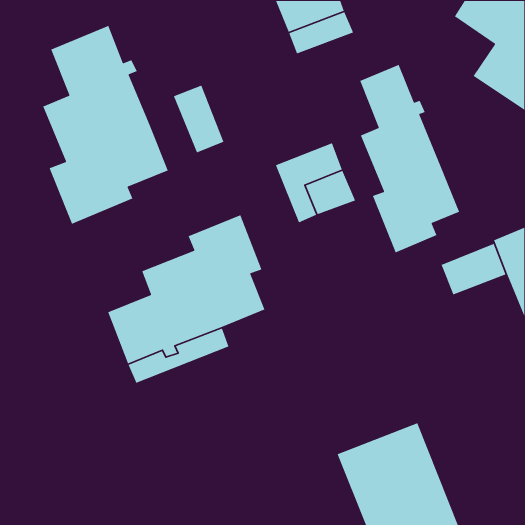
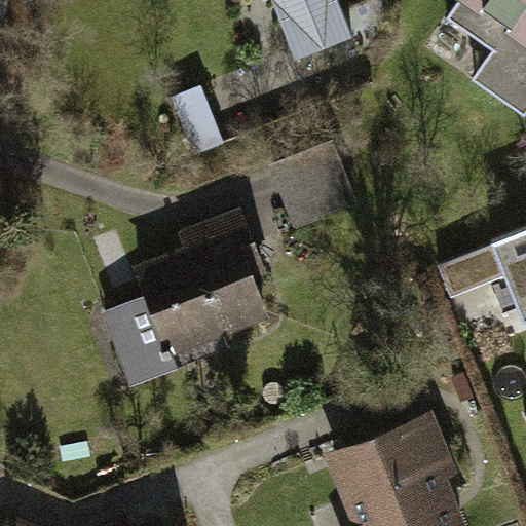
building: [42,25,169,225] -> none
building: [359,64,460,254] -> none

